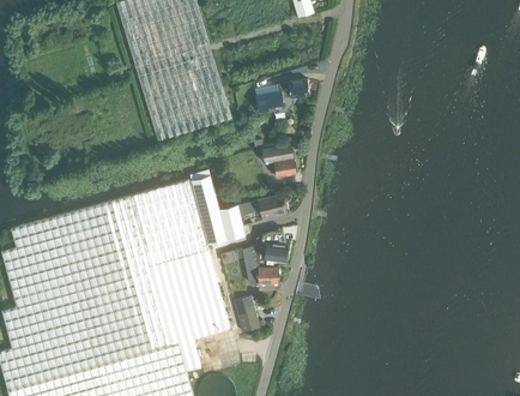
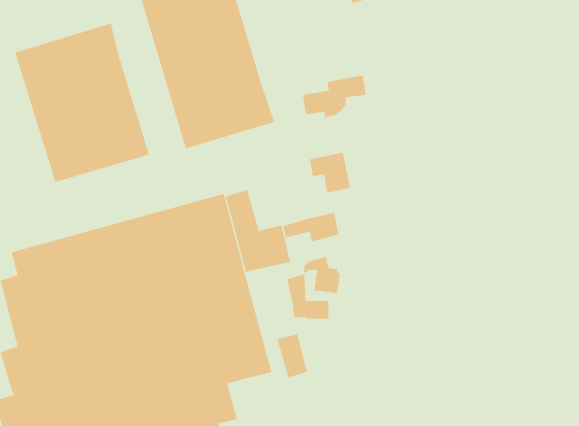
building: none -> [15,23,149,183]

